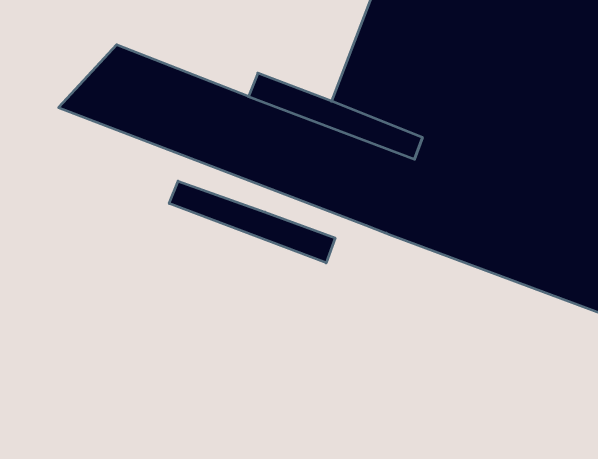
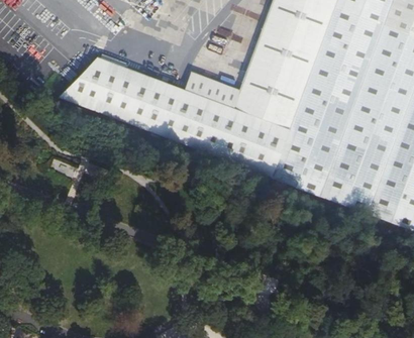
building: [169,181,335,263] -> none

